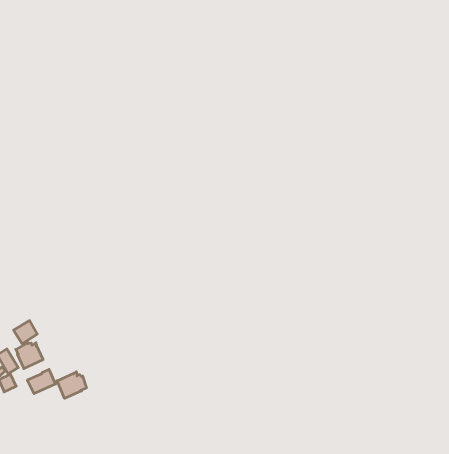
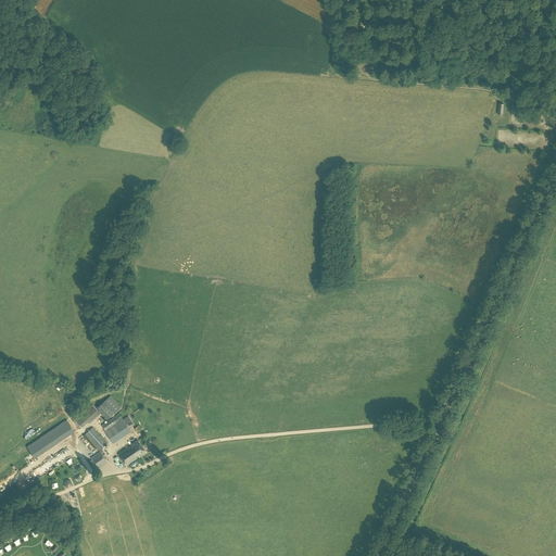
building: [57,372,86,398] -> none

